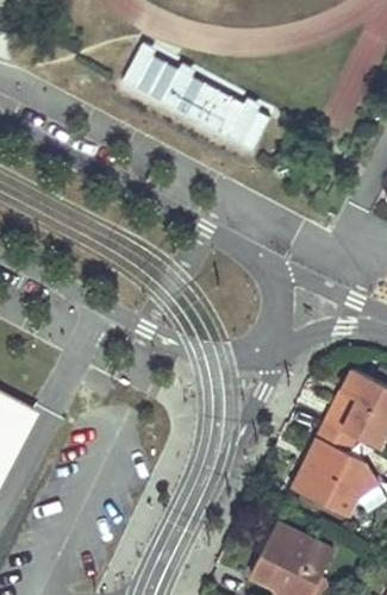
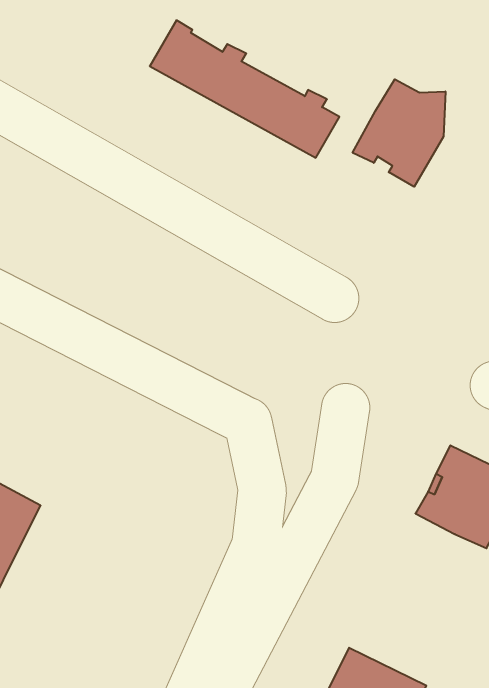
building: none -> [353,79,445,187]
building: [292,420,374,514] -> none

